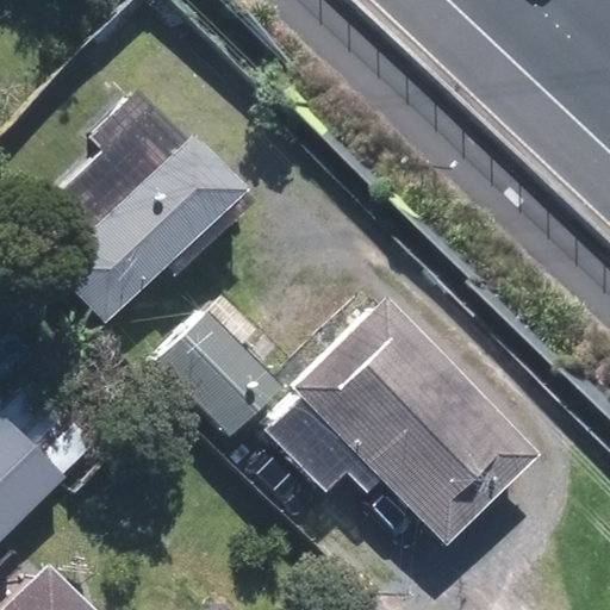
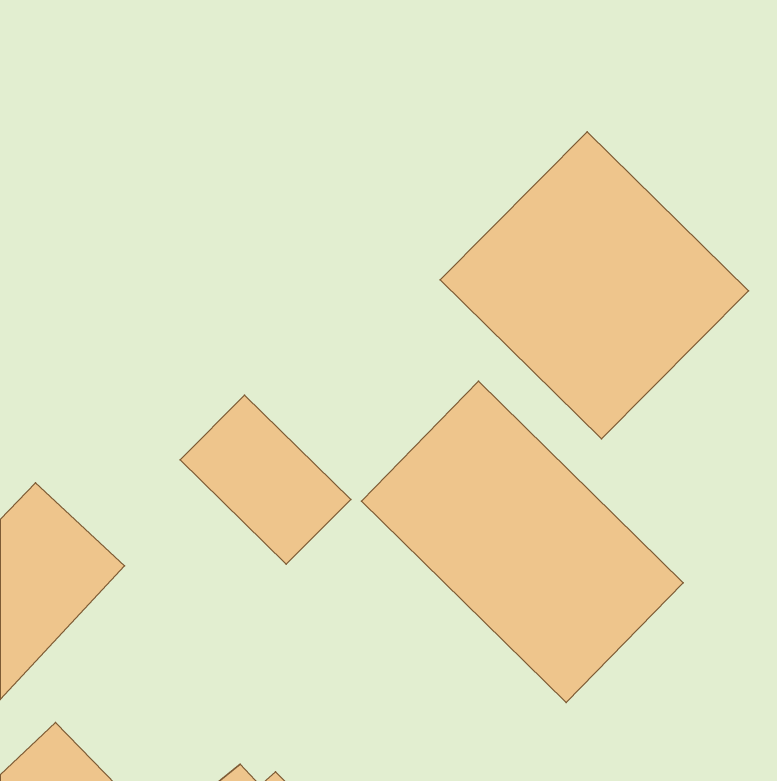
building: [14,85,250,330] -> none
building: none -> [440,132,749,439]

